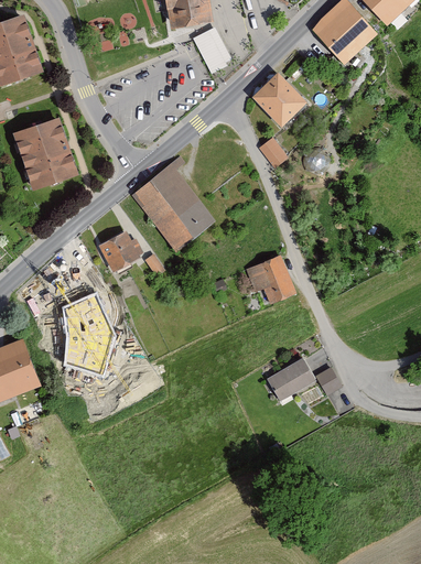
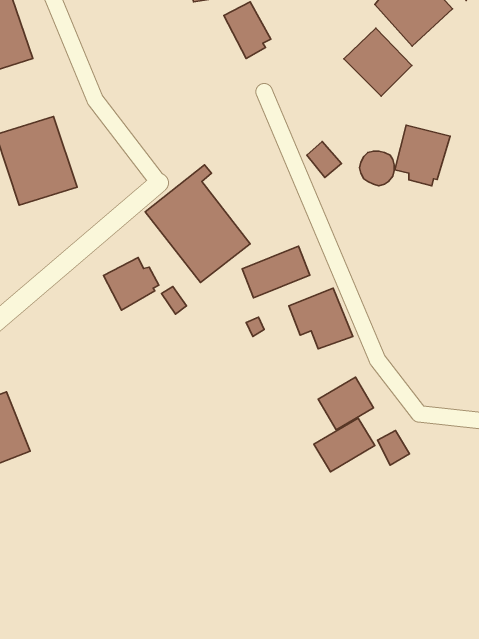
building: [251,74,305,128] -> [344,28,412,96]
building: none -> [395,125,450,186]
building: none -> [242,246,310,298]
building: [63,292,116,376] -> none
building: none -> [318,377,373,430]

